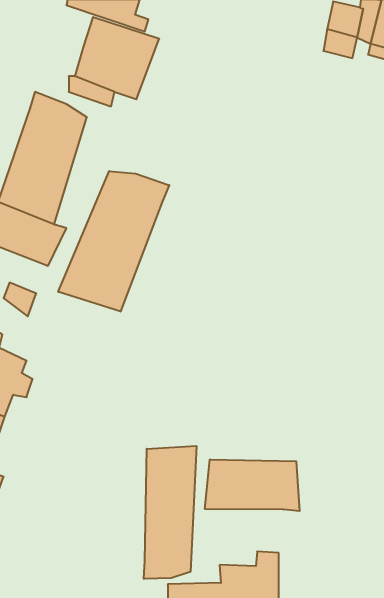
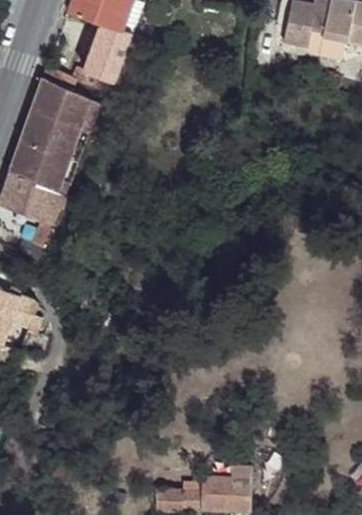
building: [58,171,169,312] -> none
building: [144,446,196,579] -> none
building: [205,459,300,511] -> none

